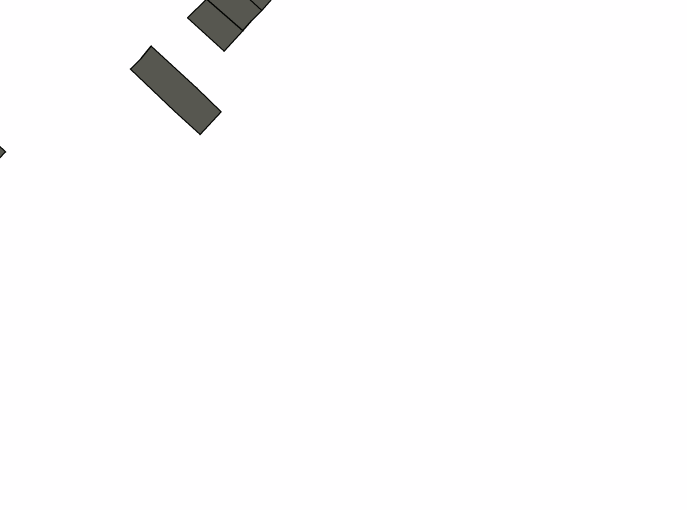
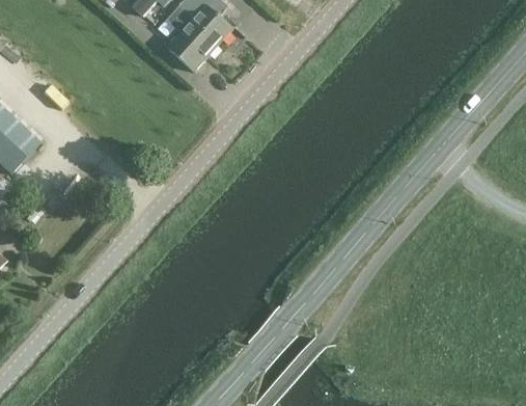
building: [130,46,221,135] -> none

